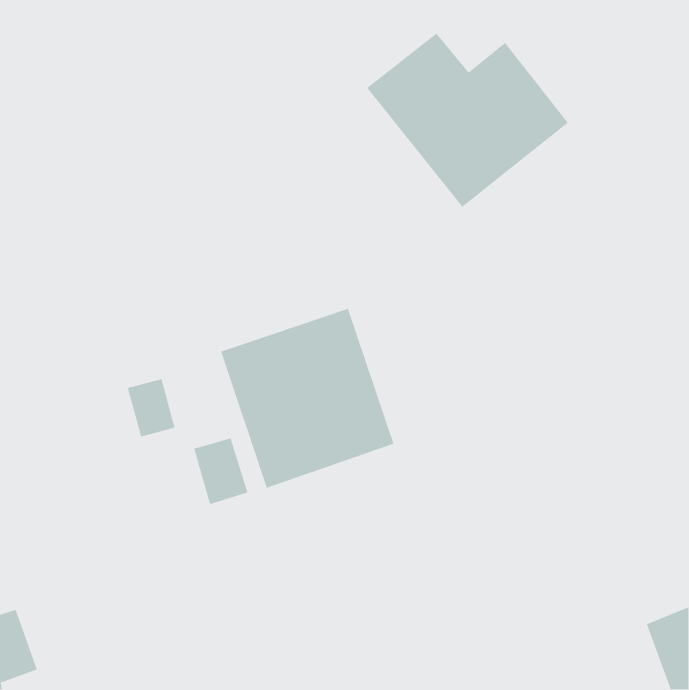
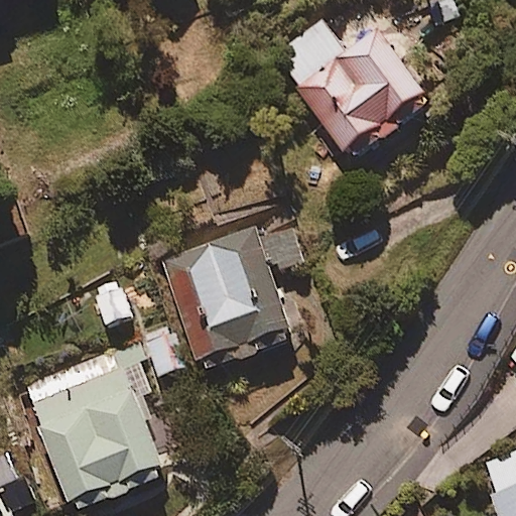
building: none -> [27,349,164,507]

